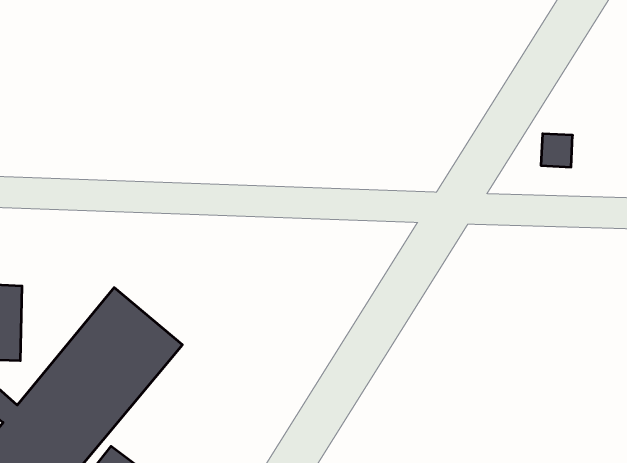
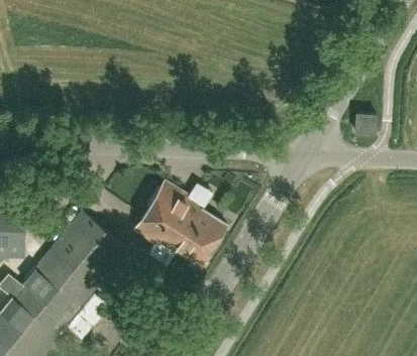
building: none -> [133,183,226,266]

